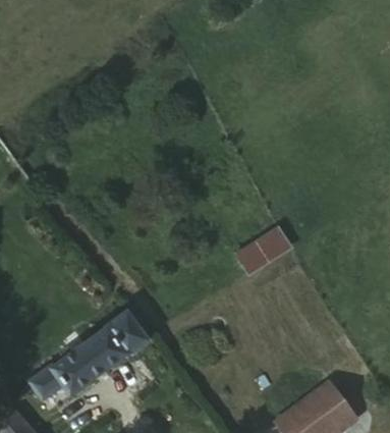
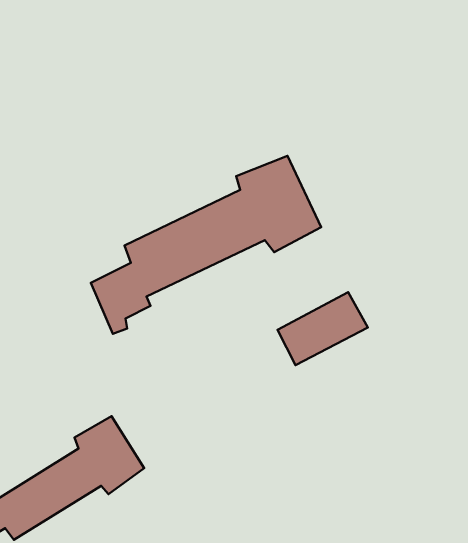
building: none -> [91,156,321,334]

